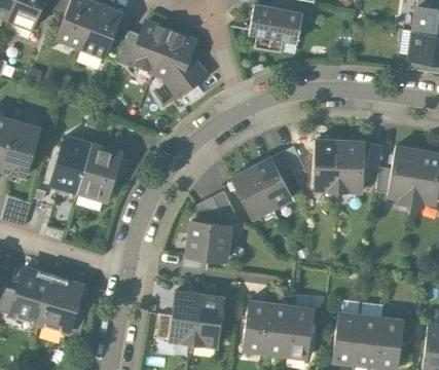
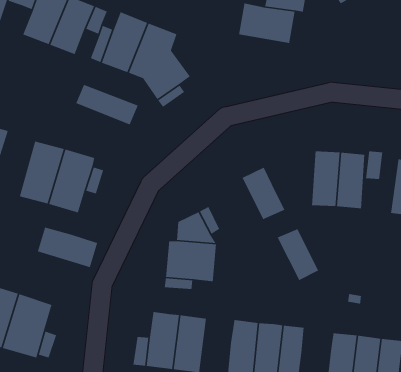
building: none -> [75,84,139,125]
building: [275,147,306,181] -> none
building: [234,168,273,216] -> [276,228,319,281]
building: none -> [37,226,98,268]

